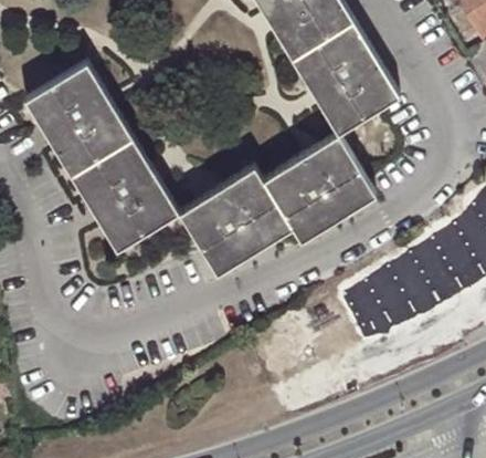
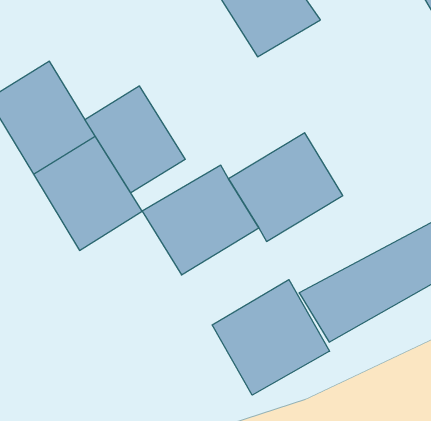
building: [293,22,400,134] -> none
building: none -> [85,86,185,193]
building: none -> [212,280,330,395]

